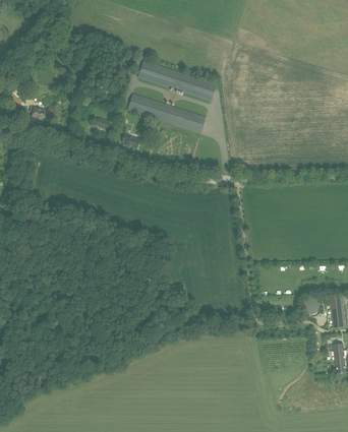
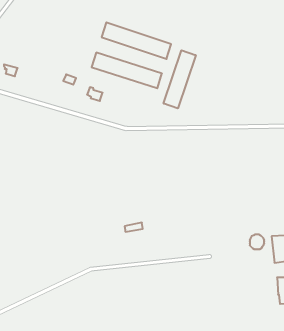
building: none -> [164,50,196,108]

